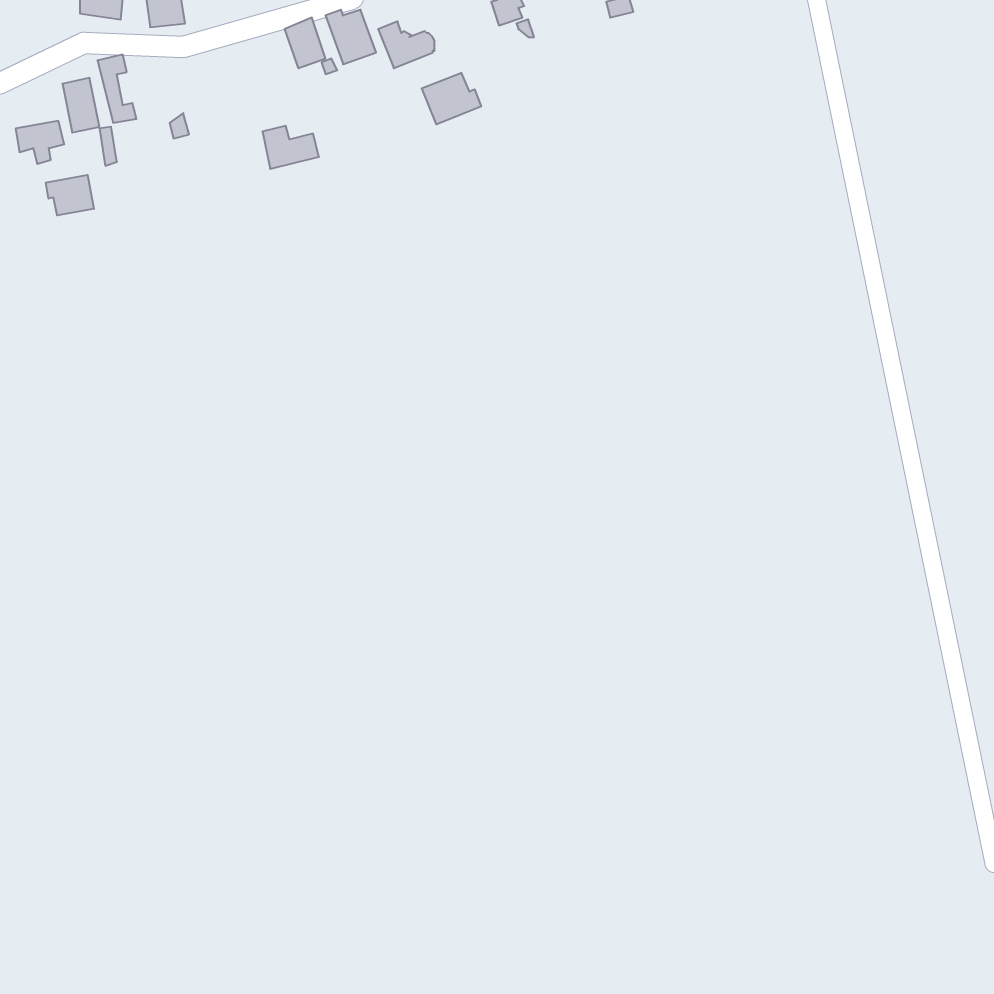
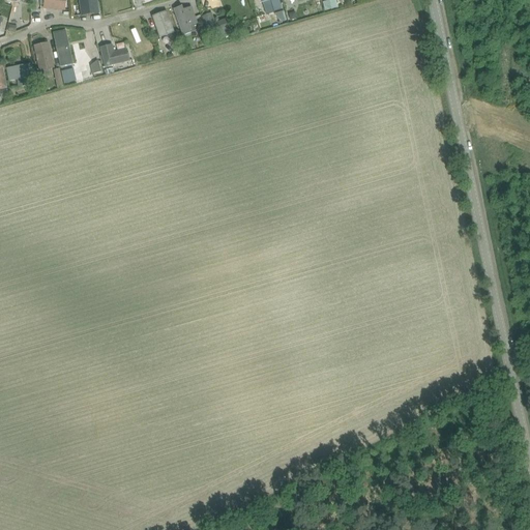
building: [422,73,481,124] -> none
building: [262,126,319,169] -> [99,43,129,66]
building: [46,175,94,215] -> none

